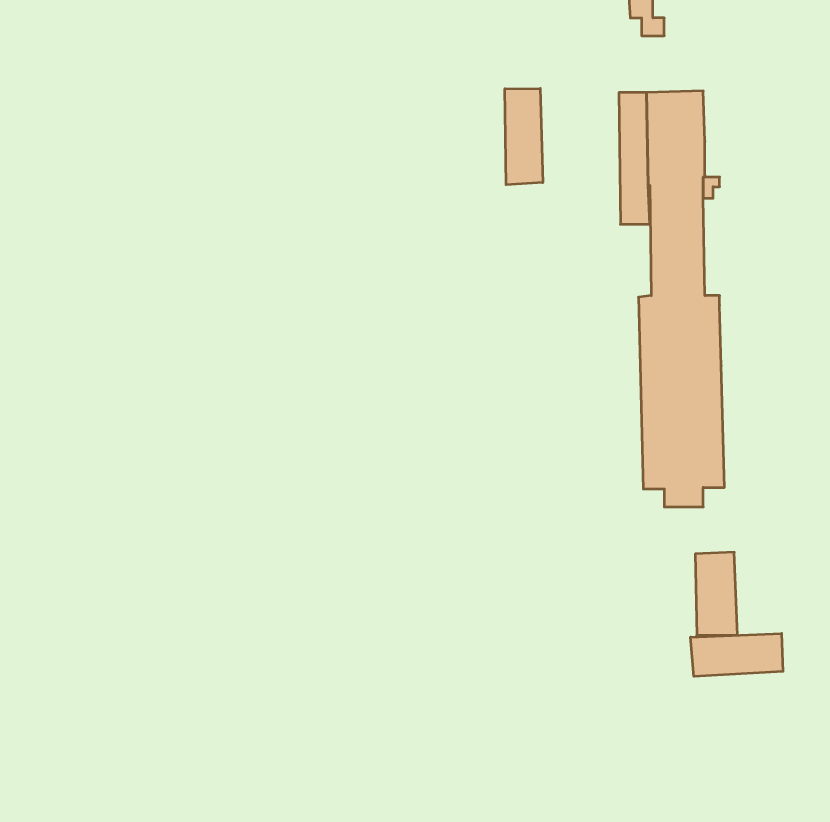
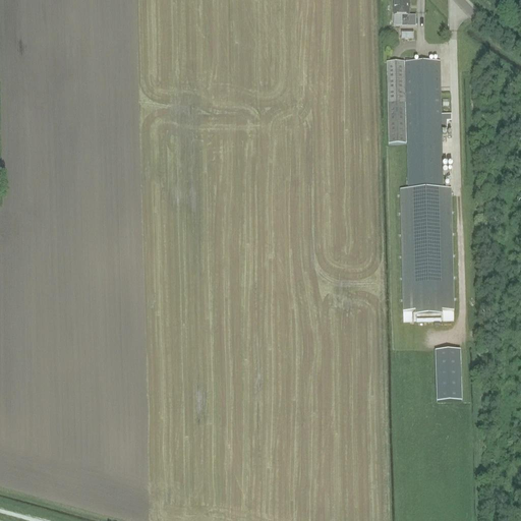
building: [505,88,543,185] -> none
building: [691,633,783,676] -> none

